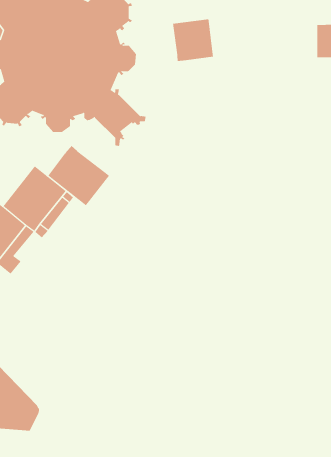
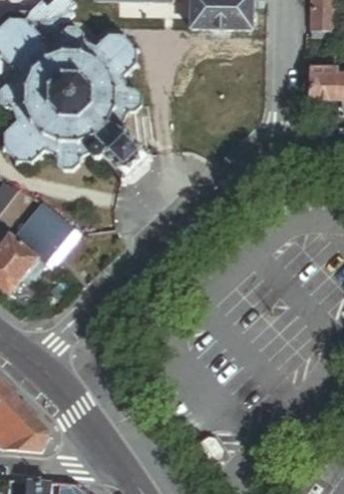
building: [172,19,213,62] -> none
building: [47,145,110,206] -> none

